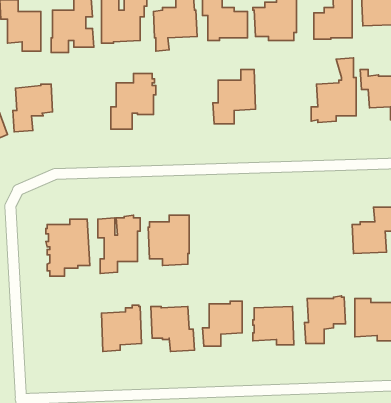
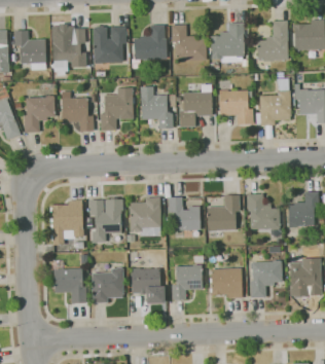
building: none -> [141,85,172,129]
building: none -> [219,89,254,124]
building: none -> [61,92,94,131]
building: none -> [247,193,280,229]
building: none -> [206,194,240,231]
building: none -> [168,196,201,230]
building: none -> [52,259,86,303]

